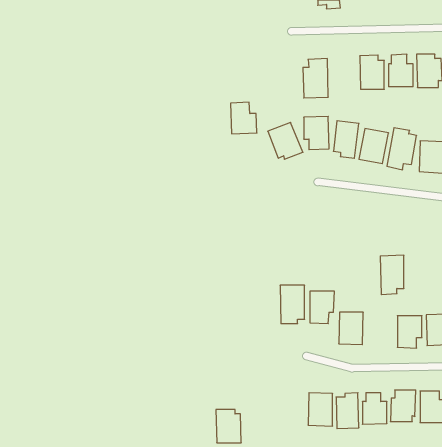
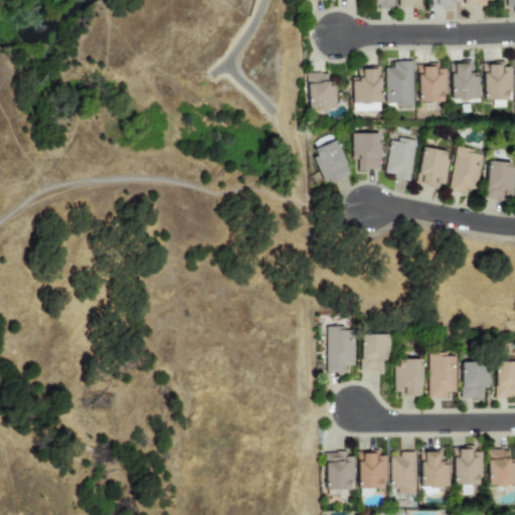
building: none -> [387,62,415,108]
building: [231,102,257,134] -> [308,73,338,110]
building: [380,255,404,295] -> [430,354,457,399]
building: [216,410,241,443] -> [327,453,356,491]

